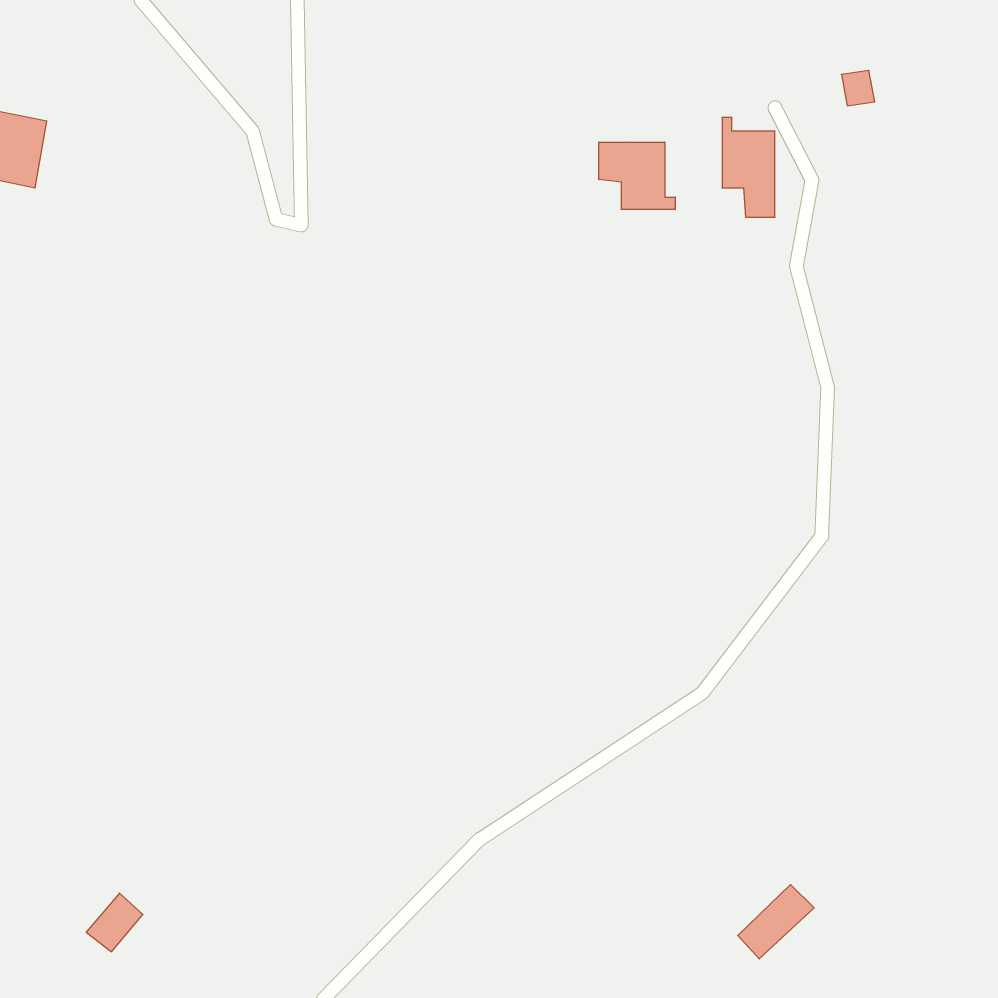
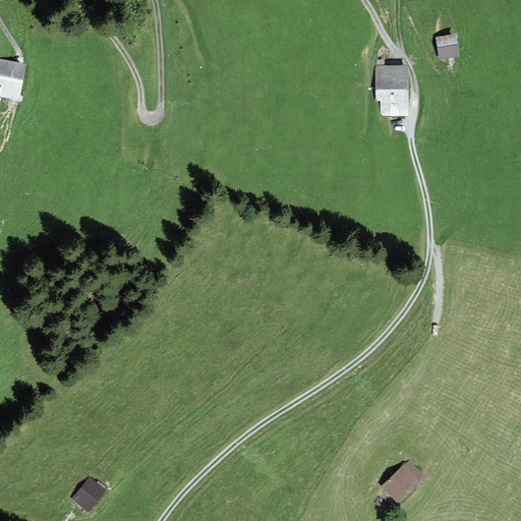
building: [599,142,675,210] -> none
building: [86,893,143,952] -> [72,479,102,510]

